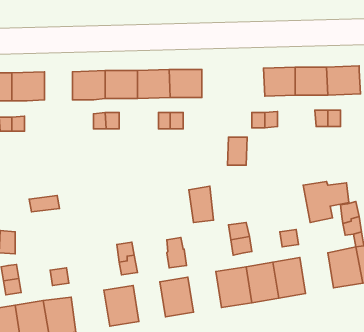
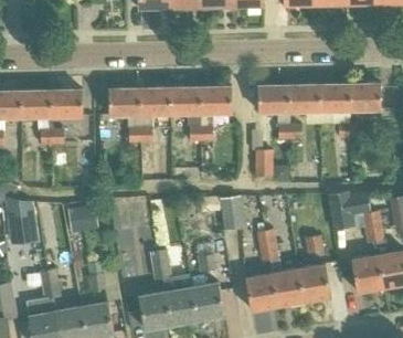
building: none -> [257,86,290,114]
building: none -> [166,288,197,326]

